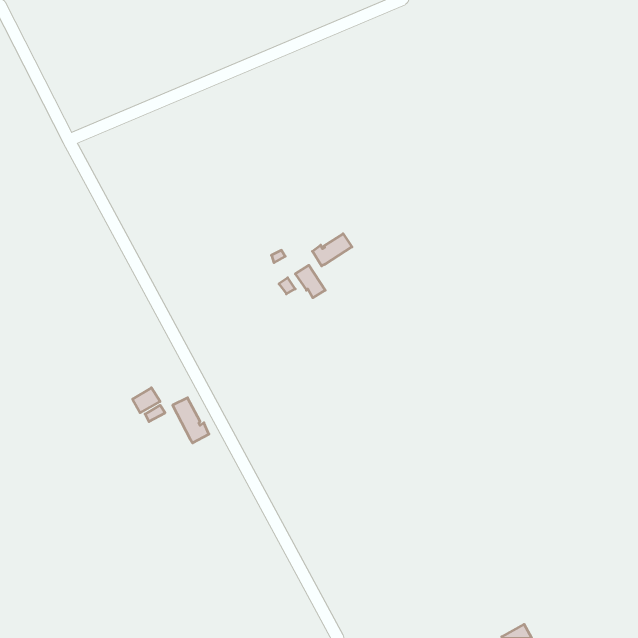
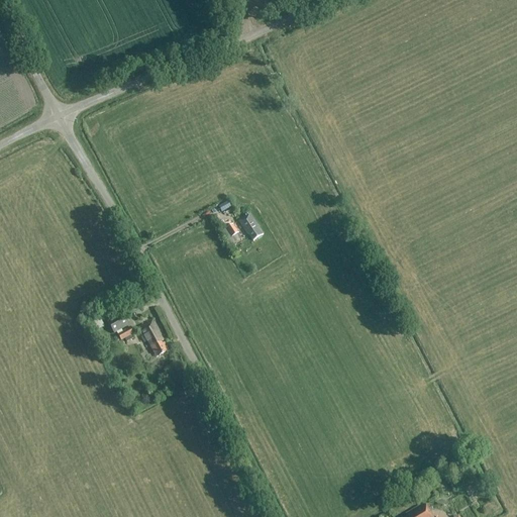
building: [312,234,352,266] -> none

